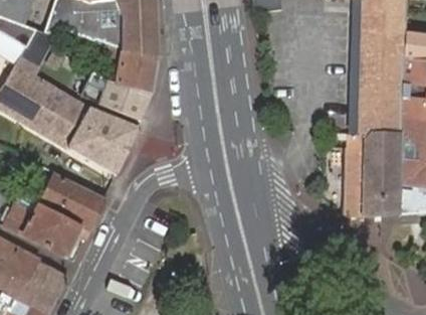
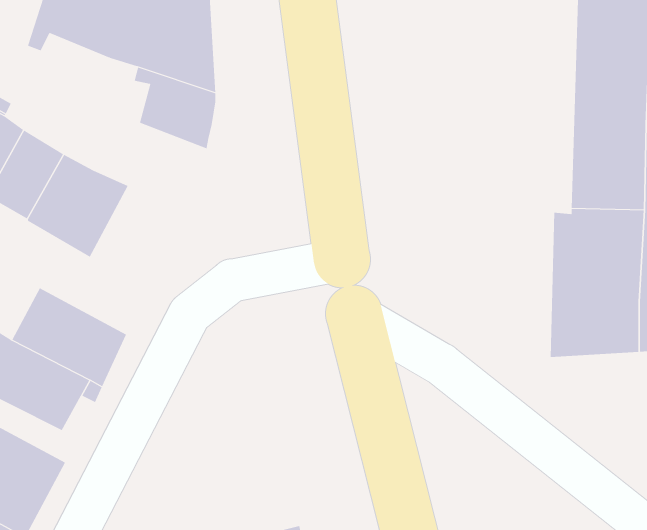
building: [78,69,151,121] -> none
building: [83,115,138,175] -> none

